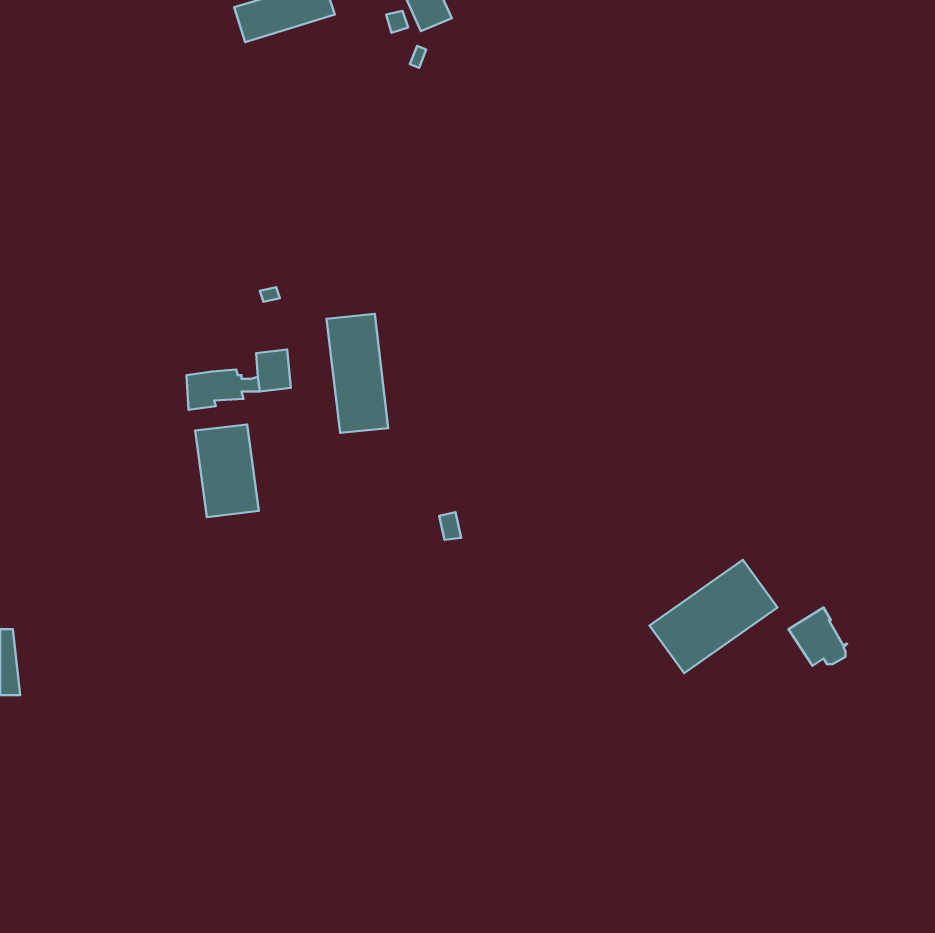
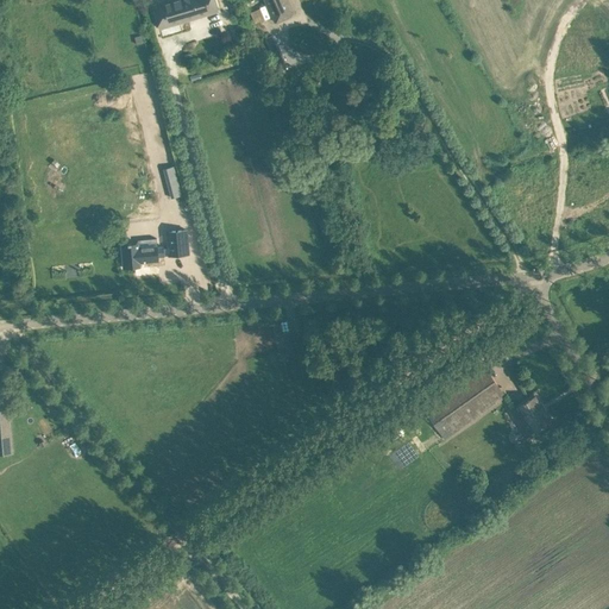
building: [327,314,388,433] -> none
building: [195,424,259,517] -> none

